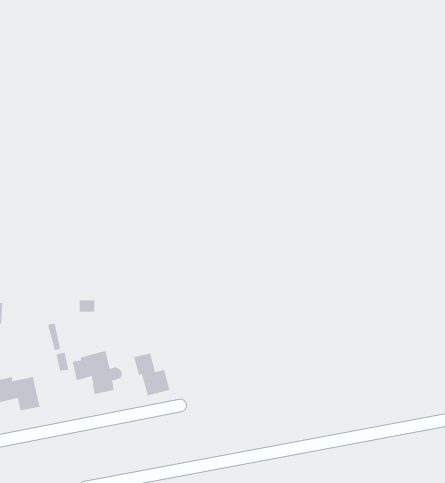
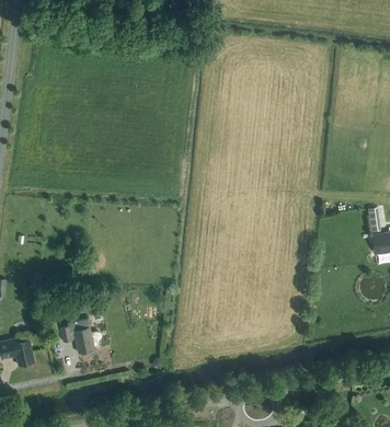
building: [134,353,170,396] -> none

